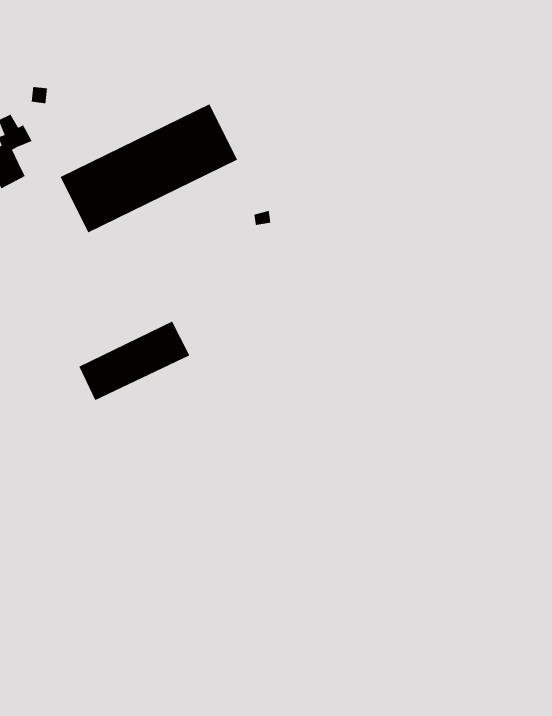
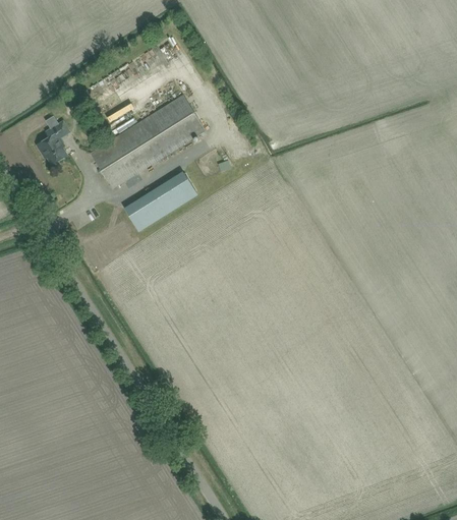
building: [78,321,190,401] -> [125,171,197,229]

